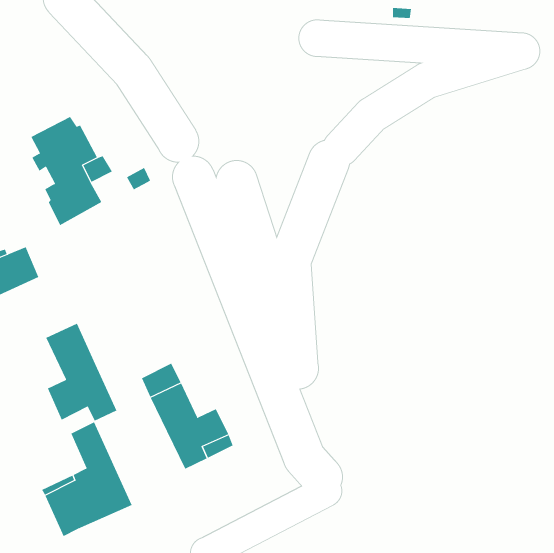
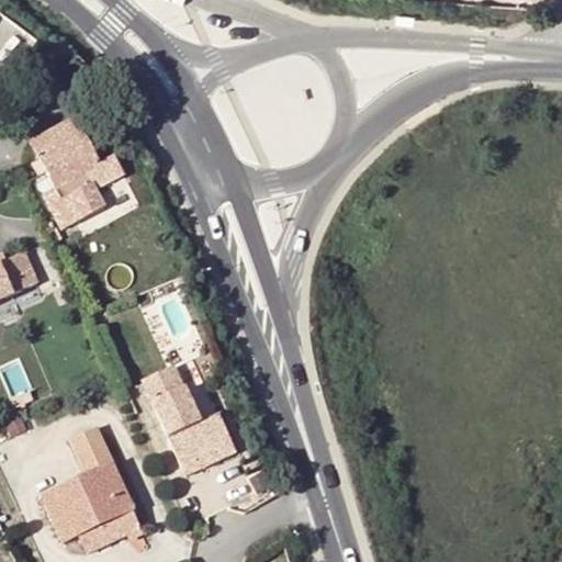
building: [46,323,117,422] -> none
building: none -> [79,510,144,553]

